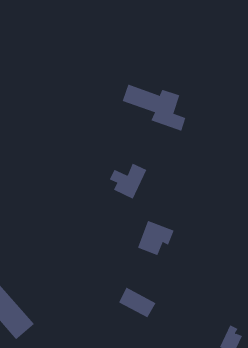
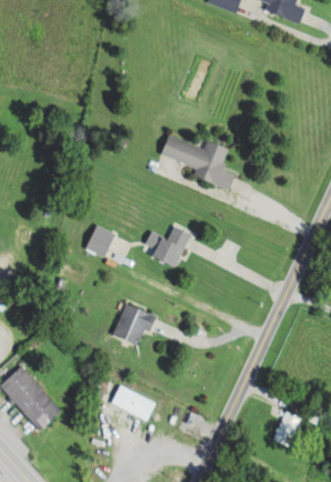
building: none -> [86,225,115,257]
building: [137,220,174,256] -> [113,304,156,345]
building: [118,287,156,318] -> [112,384,156,420]

